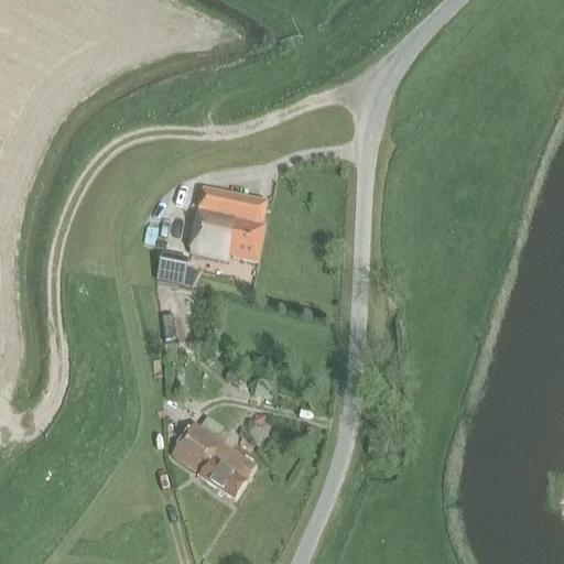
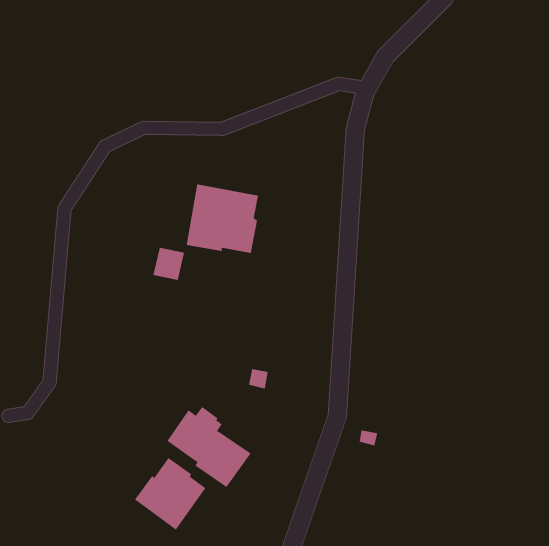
building: none -> [134,457,206,530]

